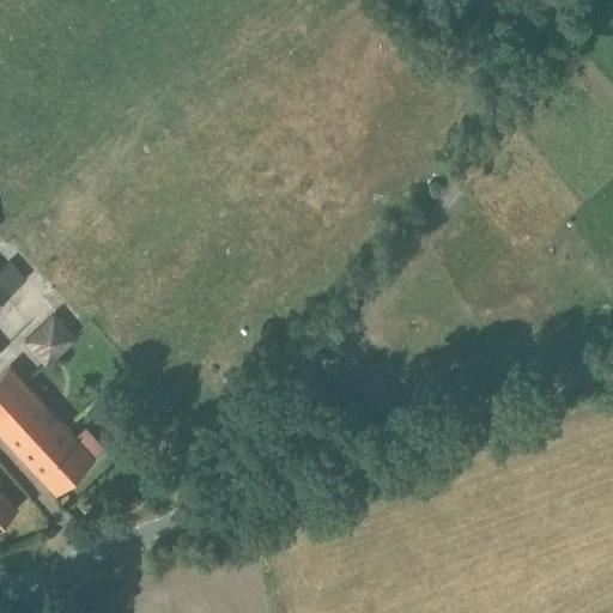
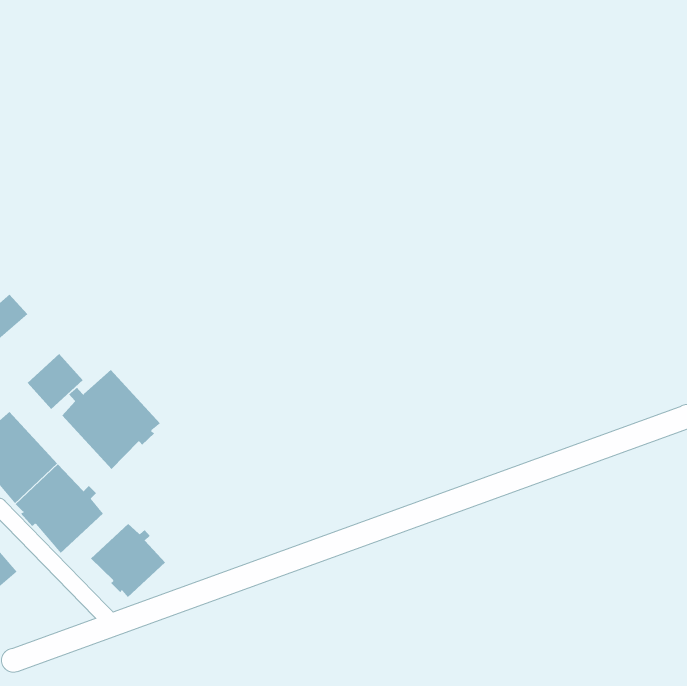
building: none -> [61,369,161,470]
building: none -> [90,523,166,598]

